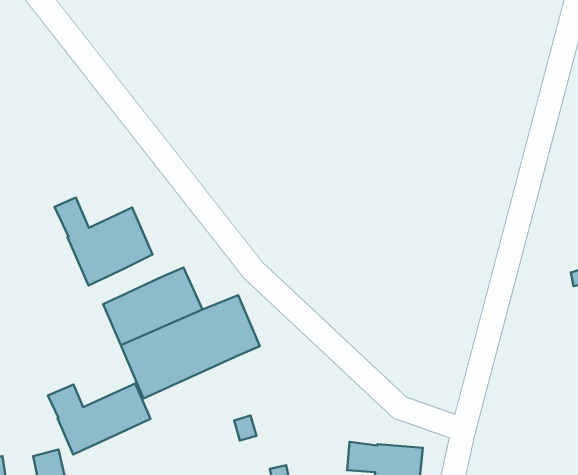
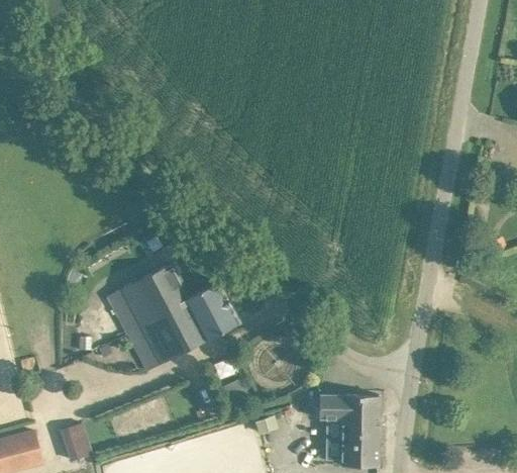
building: [55,198,153,286] -> none
building: [48,383,151,455] -> none

